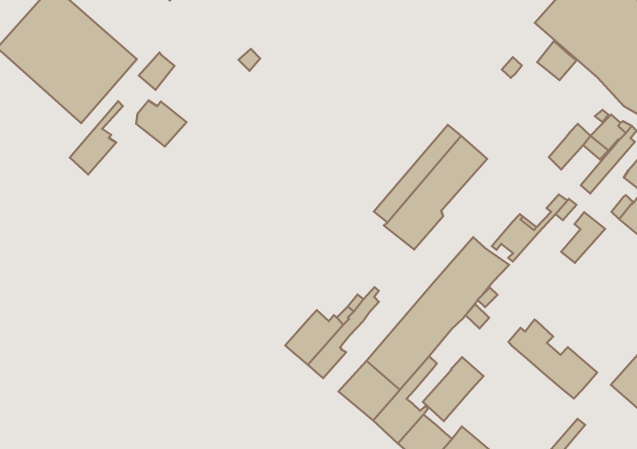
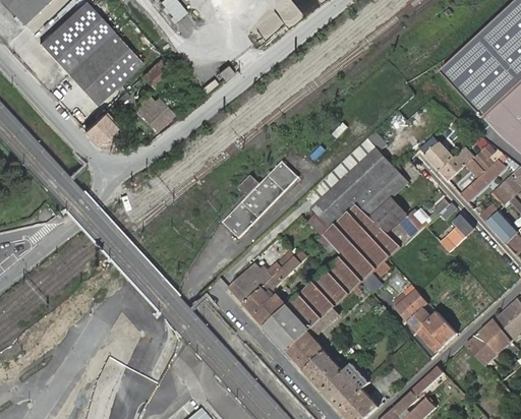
building: [537,41,577,80] -> [424,141,454,171]
building: none -> [324,163,408,255]
building: none -> [223,161,300,240]
building: none -> [253,295,287,326]
building: [423,357,483,421] -> none

